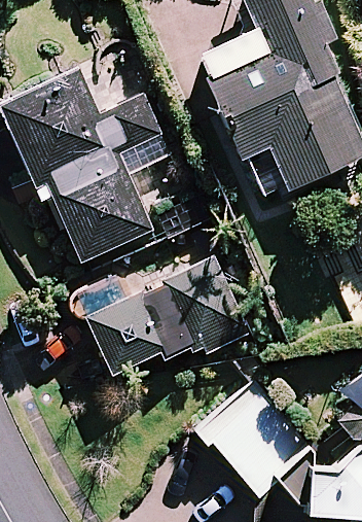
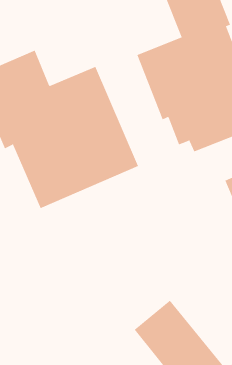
building: [84,254,246,374] -> none

